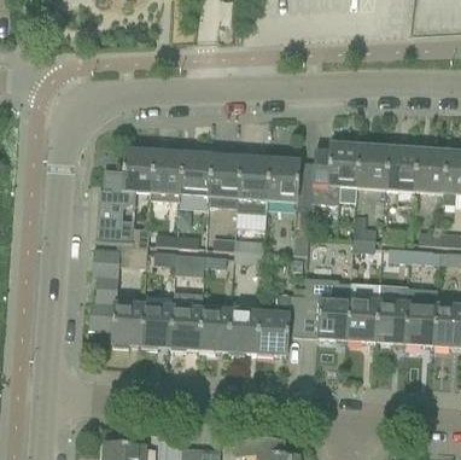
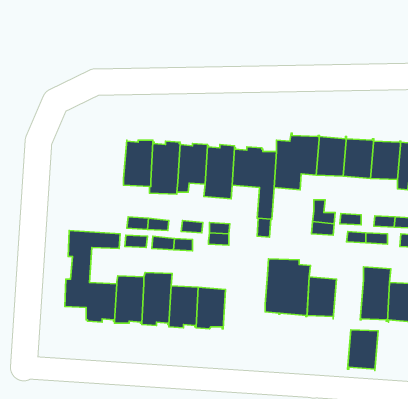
building: [97,149,156,245] -> none
building: [258,293,305,355] -> none
building: [375,299,408,343] -> [348,330,378,370]

